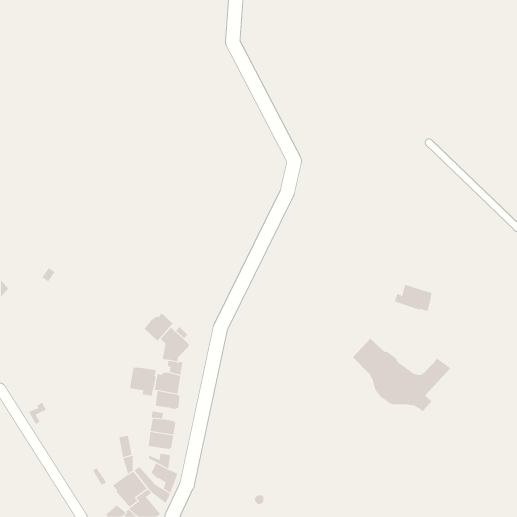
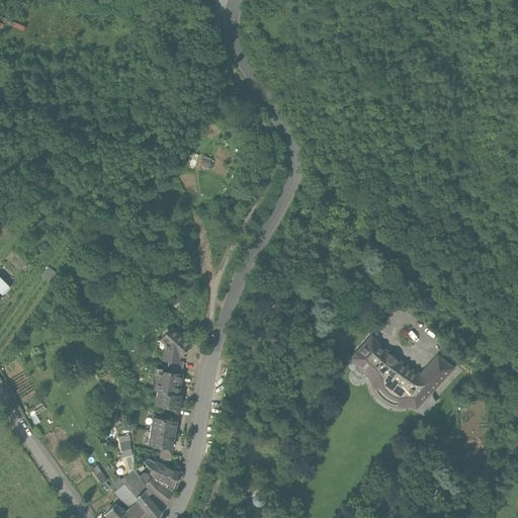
building: [394,284,432,312] -> none
building: [144,313,174,342] -> none
building: [130,367,156,396] -> none

